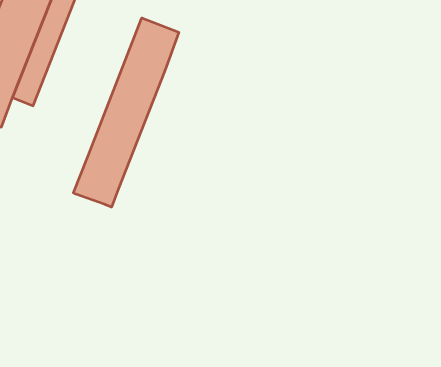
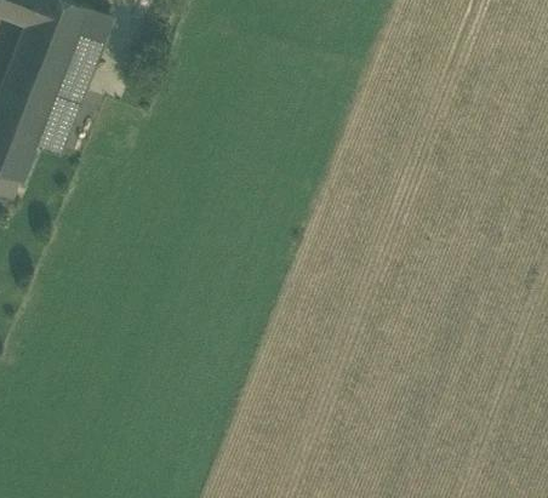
building: [73,18,179,207] -> none

